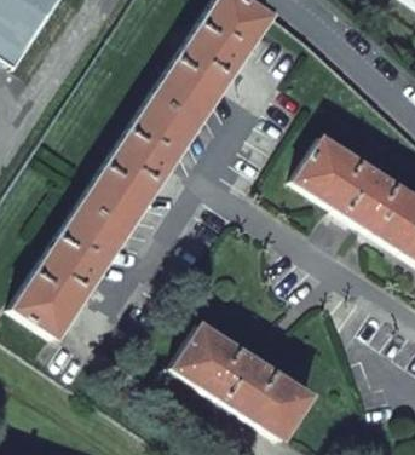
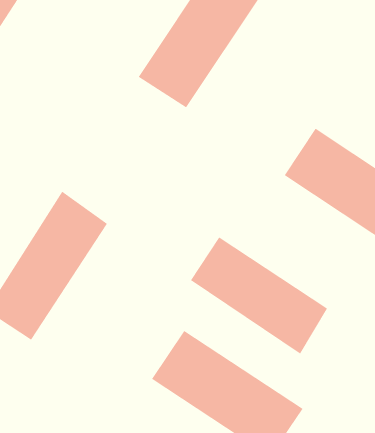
building: [88,90,203,225] -> none
building: none -> [190,236,328,355]

